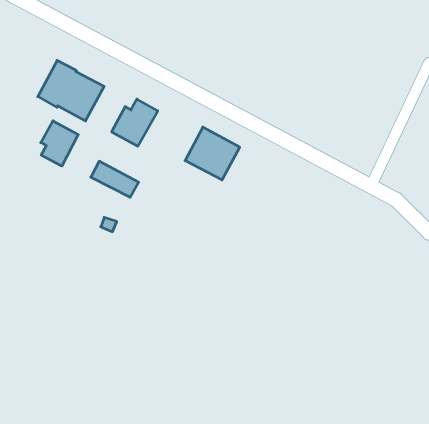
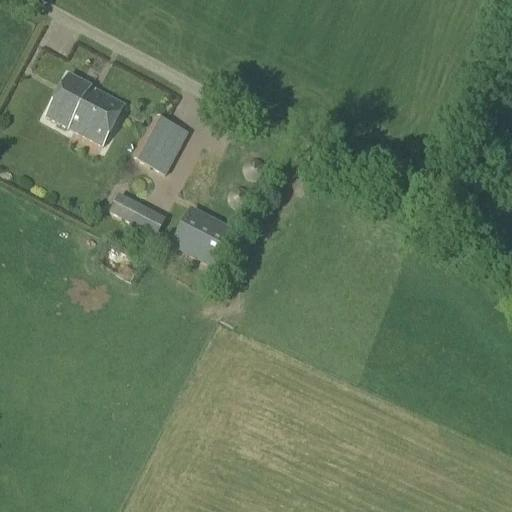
building: [41,121,78,166] -> none
building: [185,127,240,180] -> [169,205,234,268]

